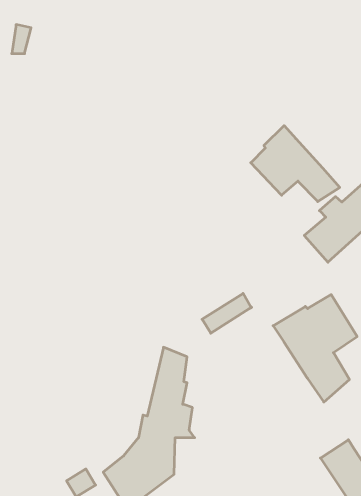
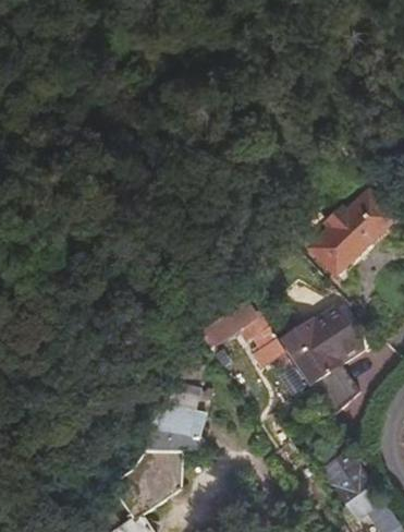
building: [251,126,340,202] -> none
building: none -> [254,314,291,370]

